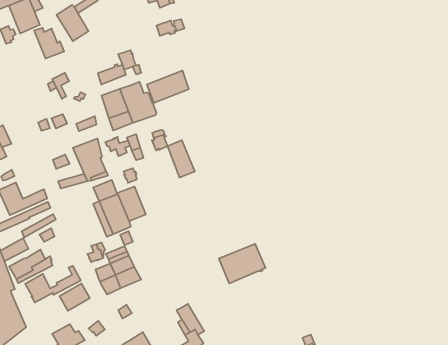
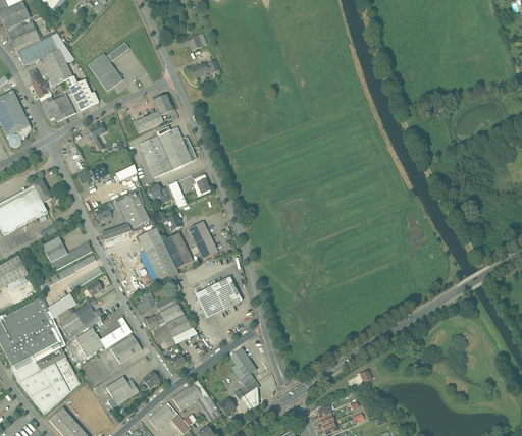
building: none -> [41,94,75,121]
building: [147,71,189,103] -> none
building: [167,140,195,177] -> [189,220,218,258]
building: [219,244,266,283] -> [195,276,243,318]

